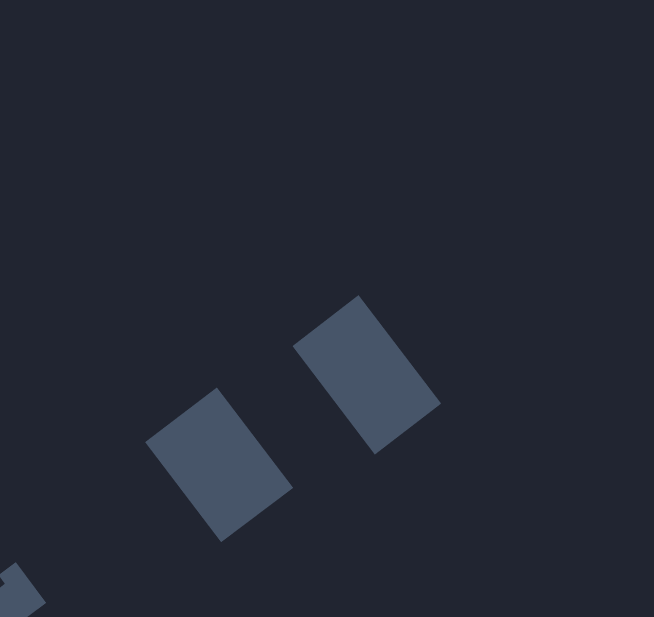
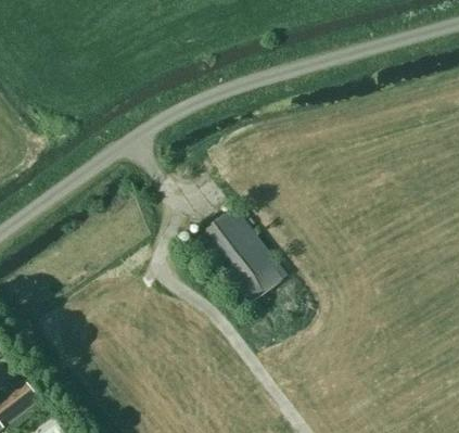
building: [144,387,294,543] -> none

